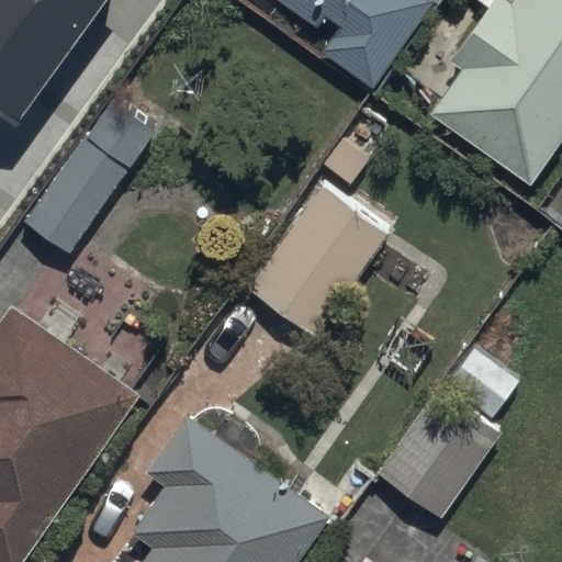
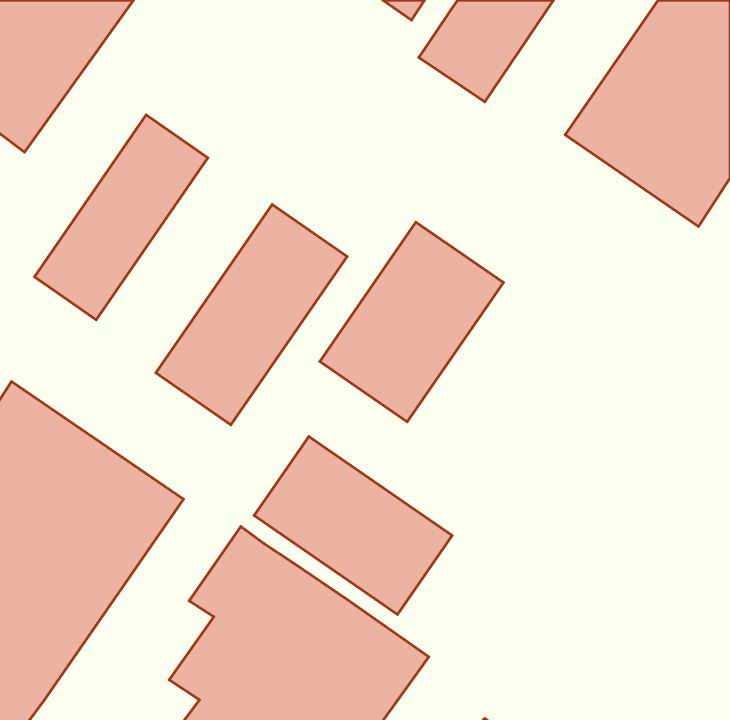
building: none -> [156,204,347,425]
building: none -> [254,436,452,615]
building: [374,390,499,521] -> none

